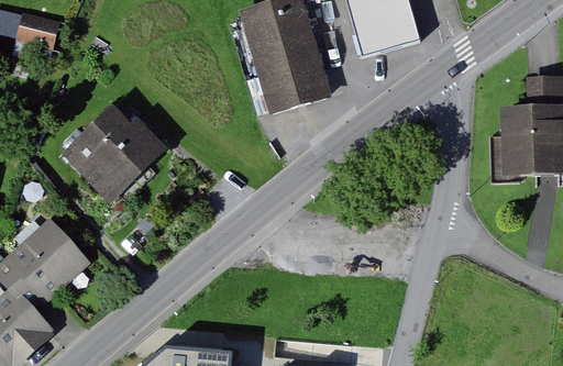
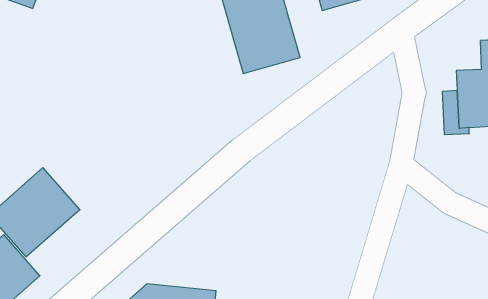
building: [63,106,162,203] -> none

